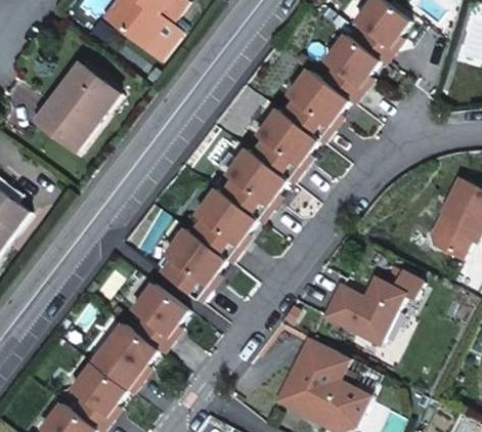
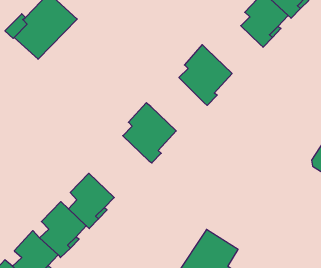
building: [282,68,348,142] -> none
building: [221,147,287,222] -> none
building: [160,227,226,301] -> none
building: [324,277,406,344] -> none

